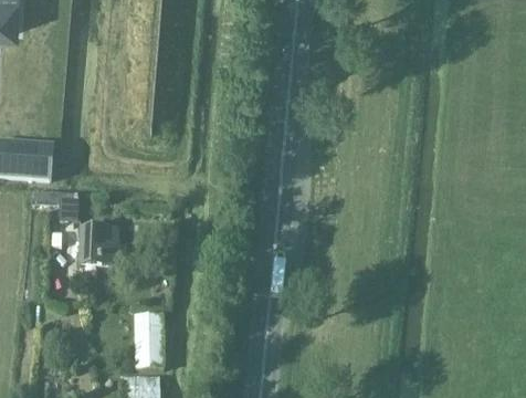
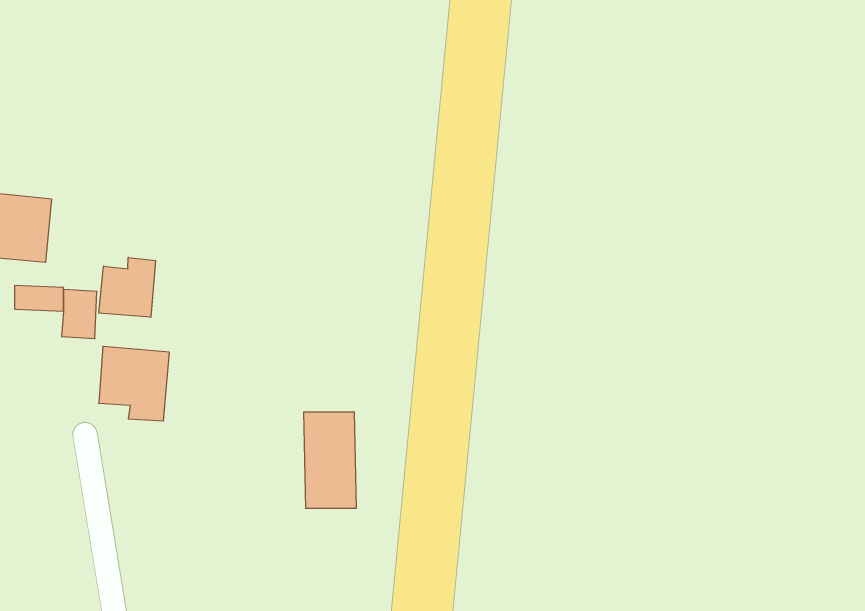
building: none -> [99,257,156,317]
building: [133,312,162,366] -> [304,412,356,508]

